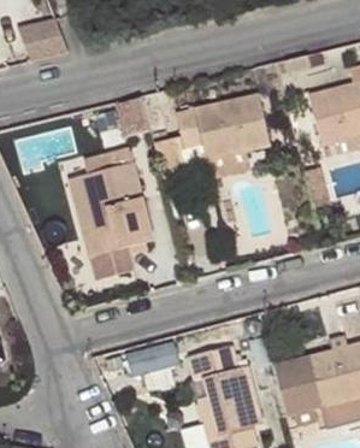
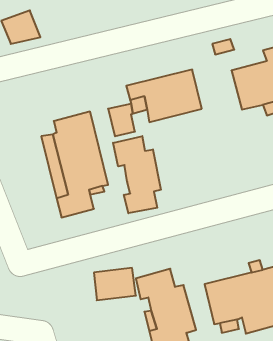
building: none -> [113,136,161,213]

